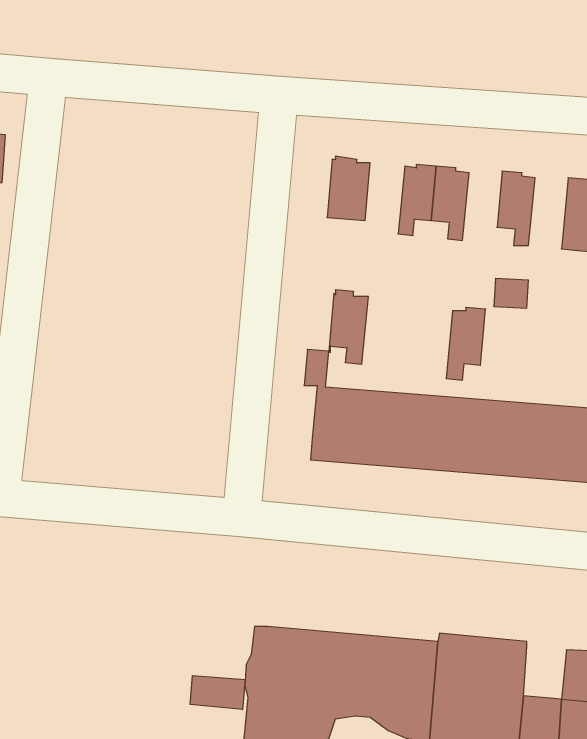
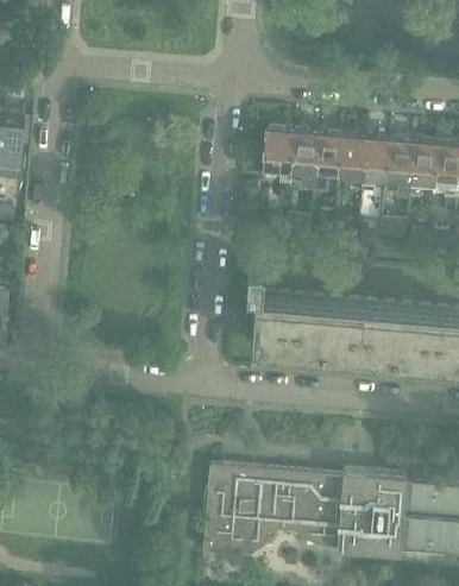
building: none -> [408,139,436,191]
building: [329,290,368,364] -> [290,128,319,182]
building: [446,307,486,380] -> [360,136,389,188]
building: none -> [404,479,435,517]
building: [190,676,245,710] -> none

